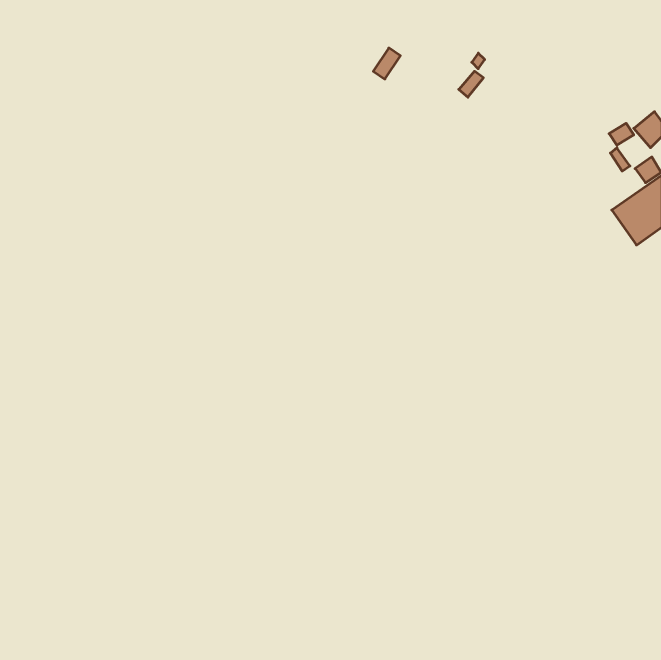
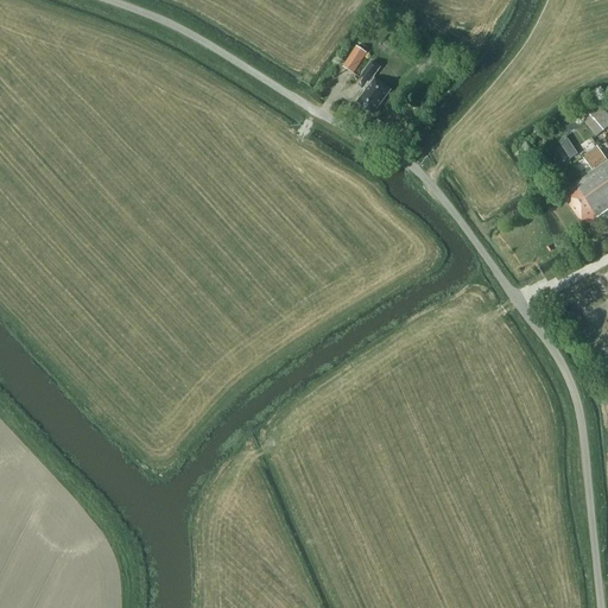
building: none -> [357,59,392,114]

